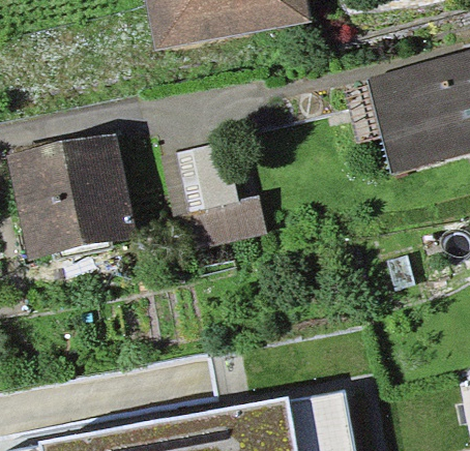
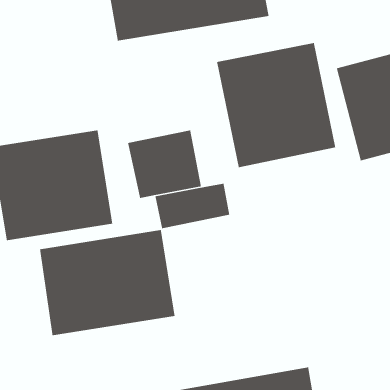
building: none -> [216,42,336,168]
building: none -> [39,229,175,336]

